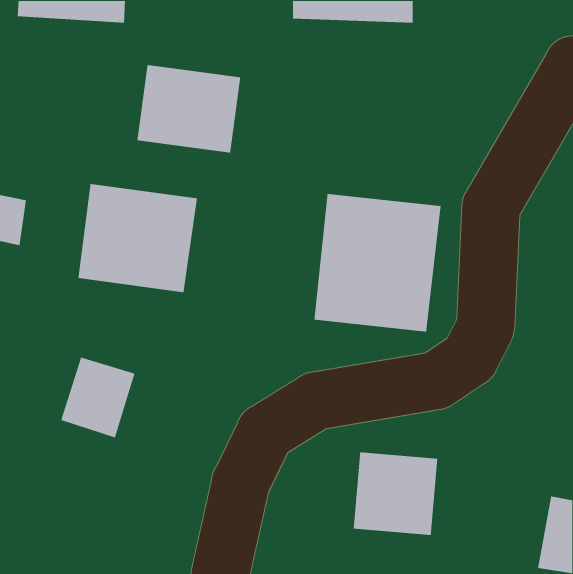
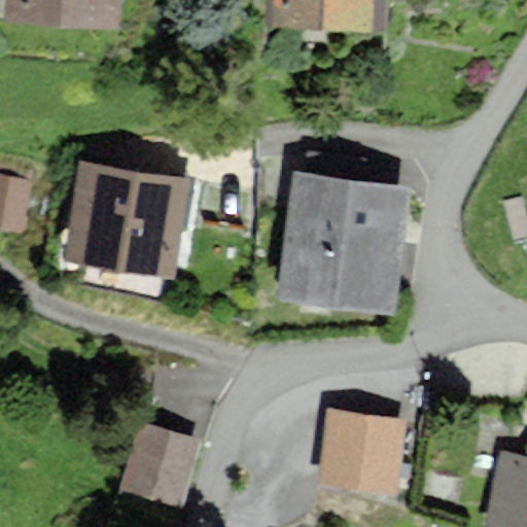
building: [137,64,241,154] -> none
building: [60,356,136,438] -> [126,427,195,502]

